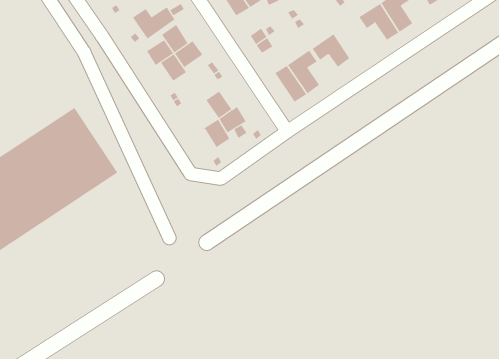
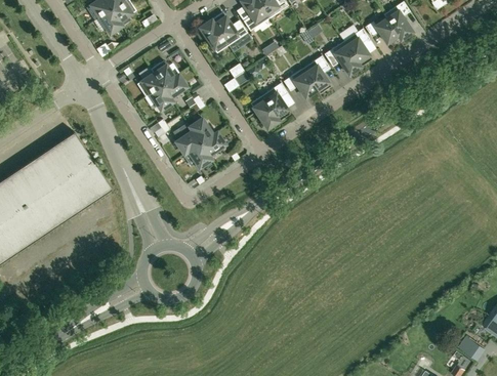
building: [132,6,175,39] -> none
building: none -> [301,55,330,93]
building: none -> [174,123,200,154]

